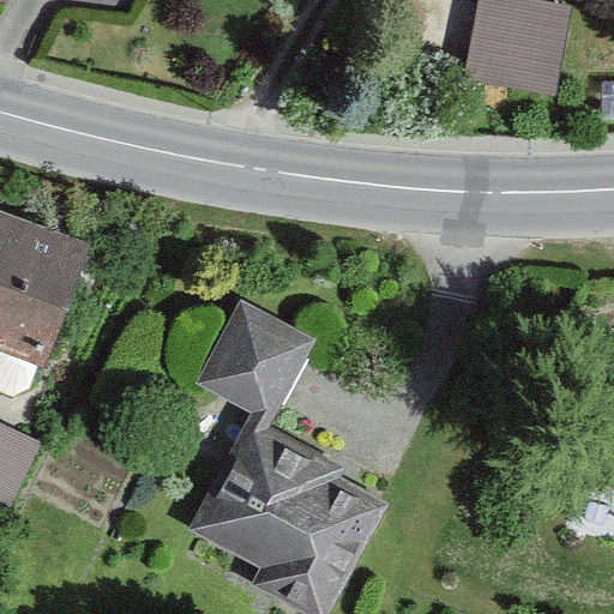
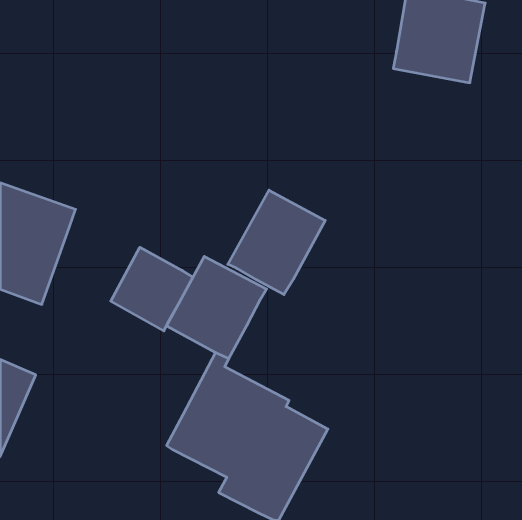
building: none -> [228,190,325,295]
building: none -> [111,247,193,331]

